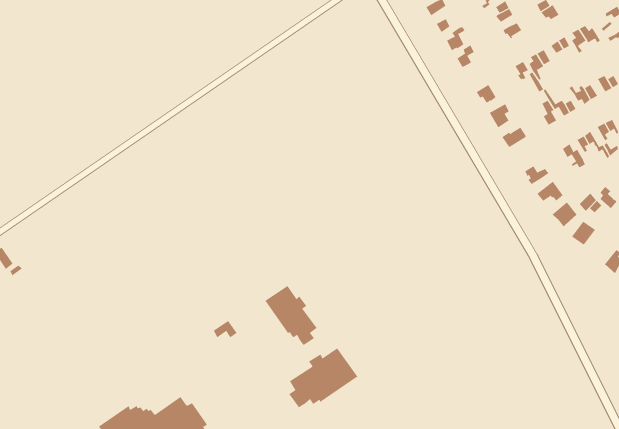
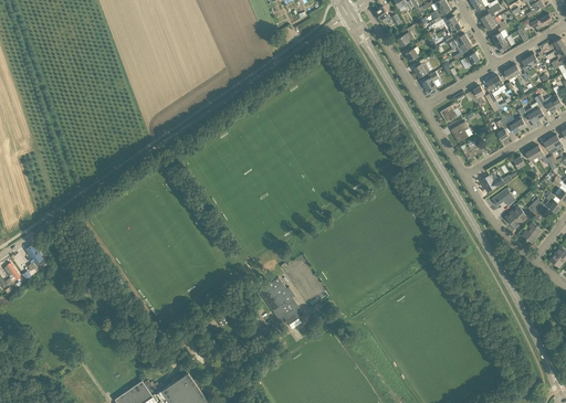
building: [288,348,358,408] -> none

